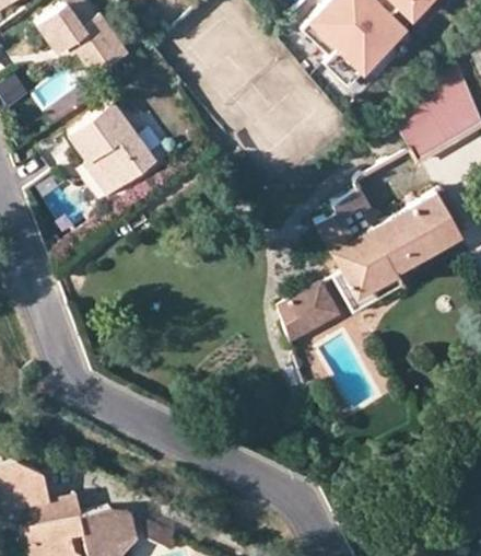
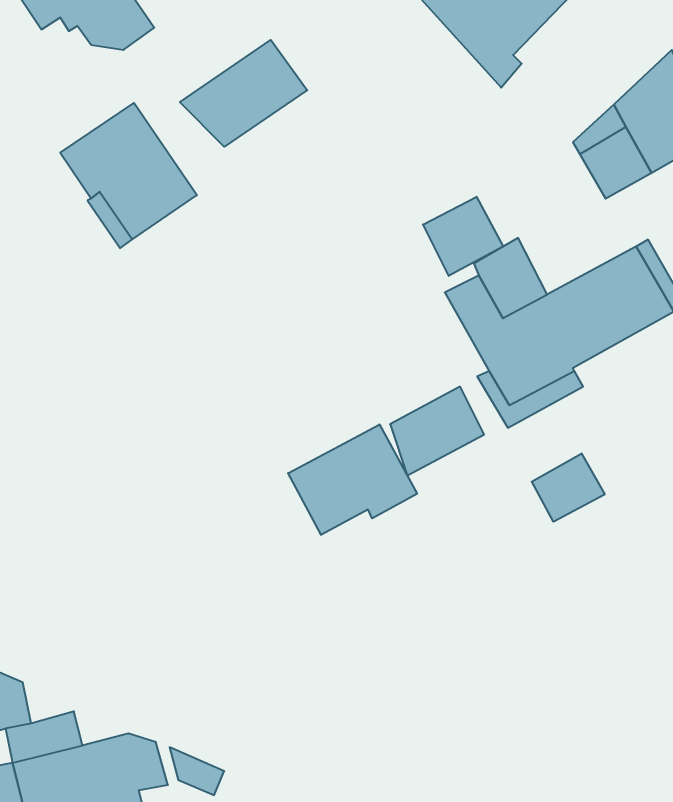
building: none -> [180,40,307,147]
building: none -> [423,197,503,276]
building: none -> [288,424,417,535]
building: none -> [532,453,605,522]

